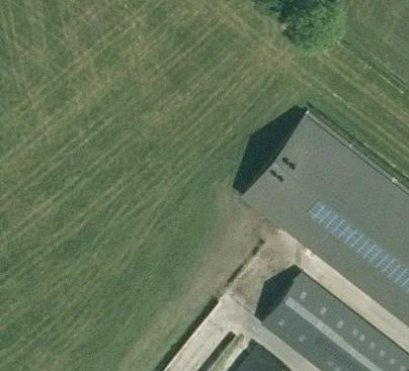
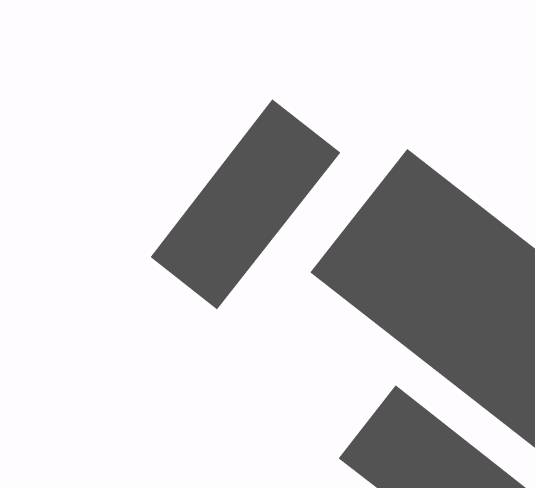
building: none -> [149,98,342,310]

